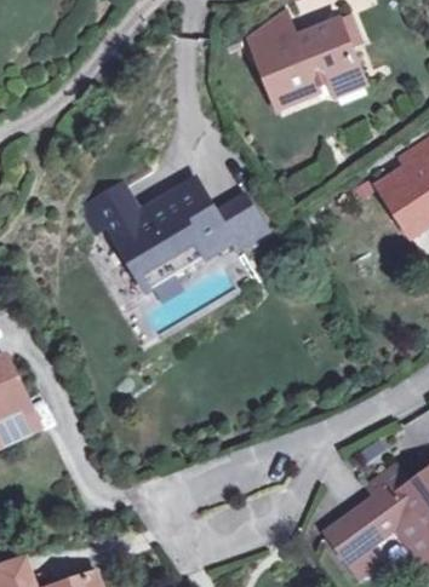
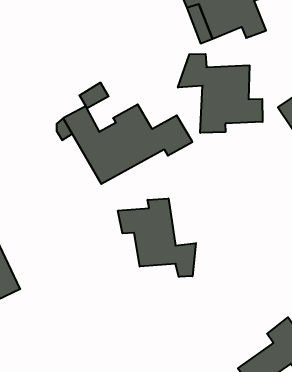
building: none -> [178,54,263,133]
building: none -> [118,198,196,277]

